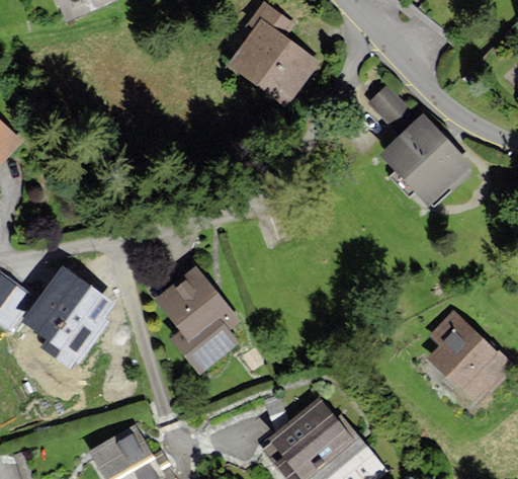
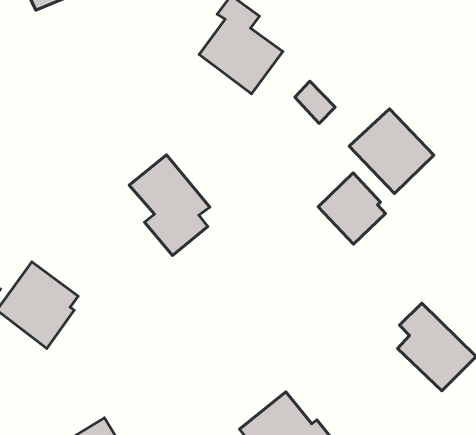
building: [369,86,410,129] -> [295,81,335,123]
building: none -> [318,173,386,244]
building: [157,268,238,370] -> [129,155,210,256]

